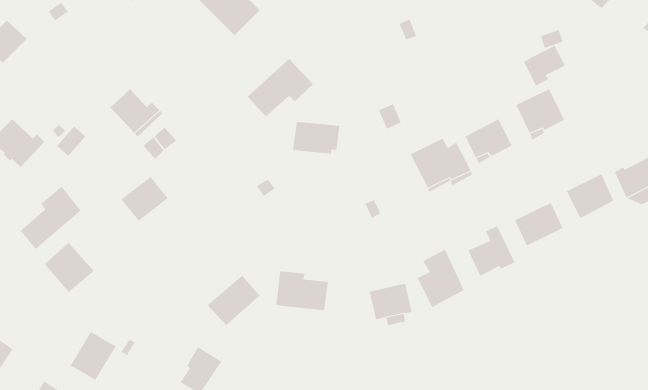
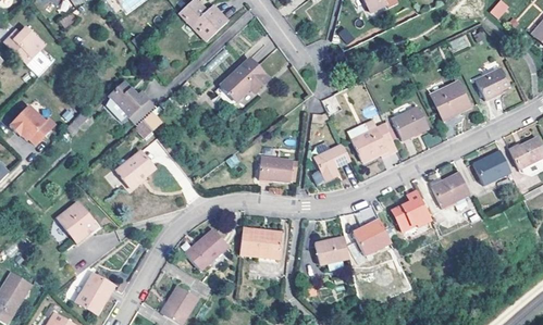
building: [523,45,566,86] -> [474,67,508,100]
building: [292,121,340,154] -> [258,155,296,182]
building: none -> [316,143,350,179]
building: [20,186,82,250] -> none

